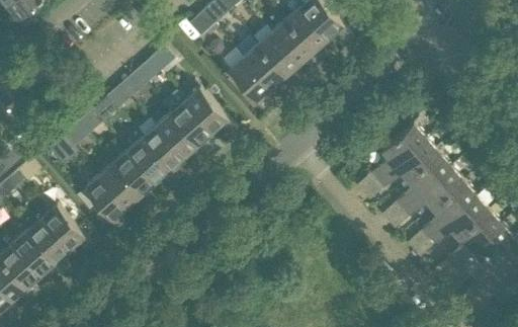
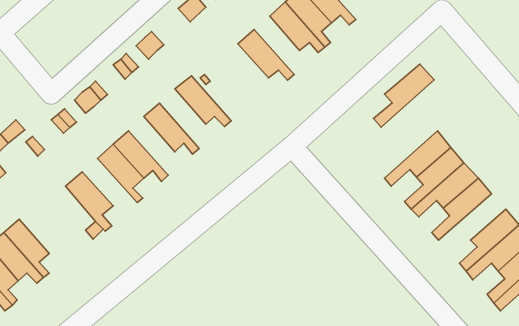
building: [257,31,298,85] -> none
building: [228,57,270,111] -> none
building: [170,98,212,153] -> none
building: [369,122,425,180] -> [373,64,434,127]
building: [142,124,184,177] -> none
building: [99,162,150,209] -> none
building: [426,194,488,244] -> none
building: [41,205,92,251] -> none

